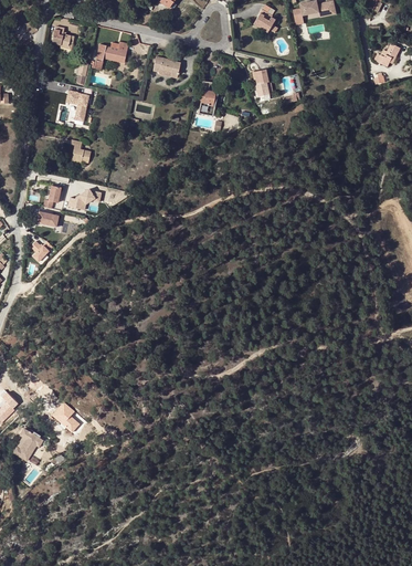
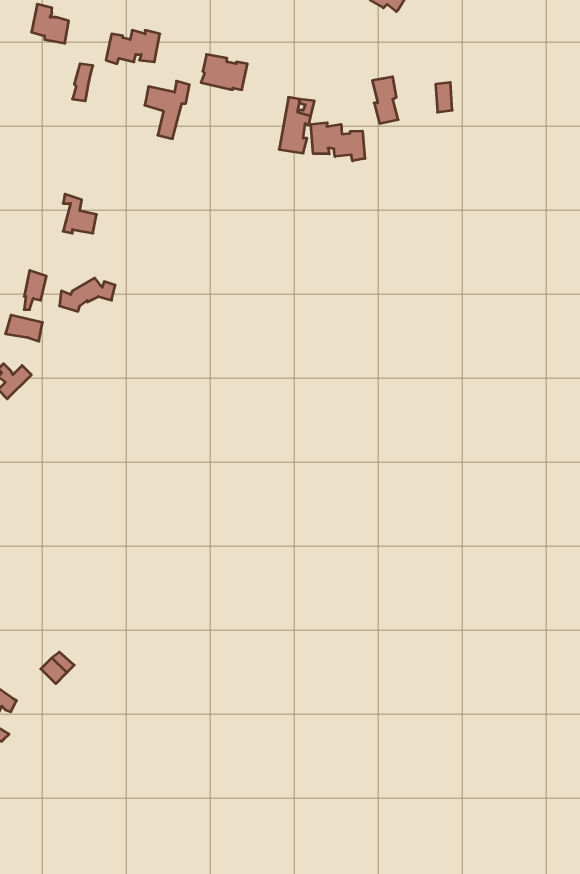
building: [66,87,93,122] -> [145,81,189,139]
building: none -> [311,123,365,161]

